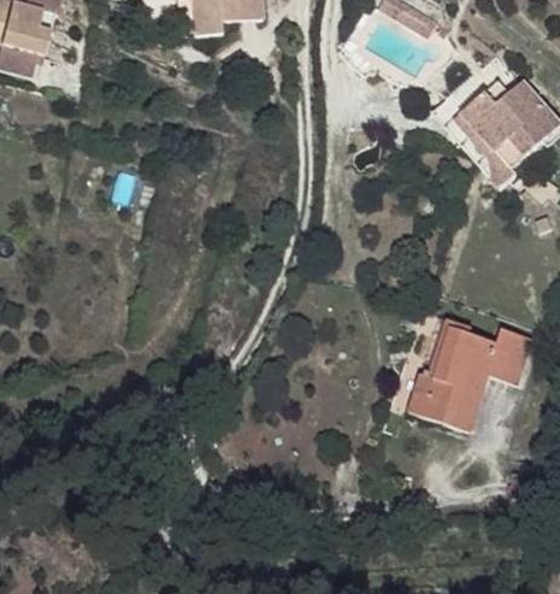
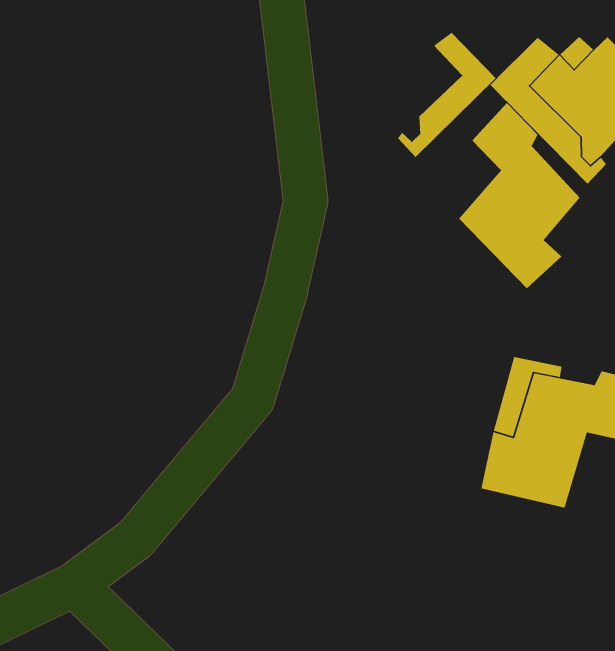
building: none -> [397,32,497,158]
building: none -> [458,102,580,289]

